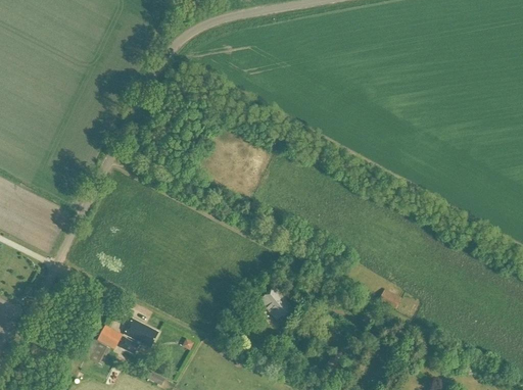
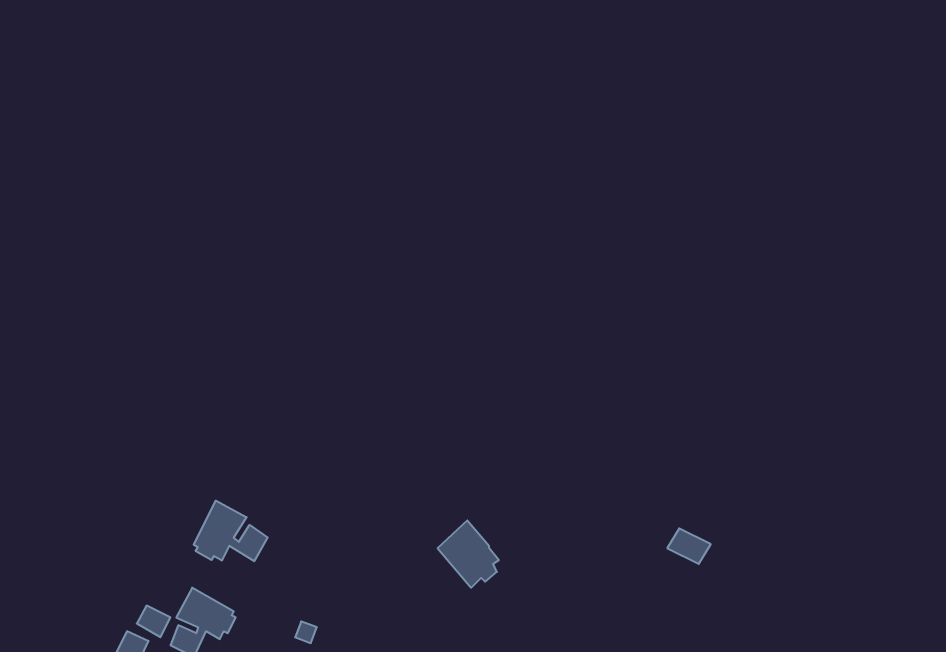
building: none -> [194,501,268,561]

